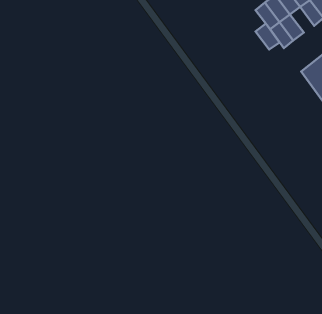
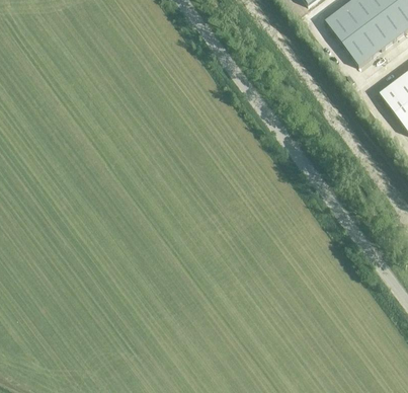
building: [255,24,279,49] -> [368,16,396,47]

